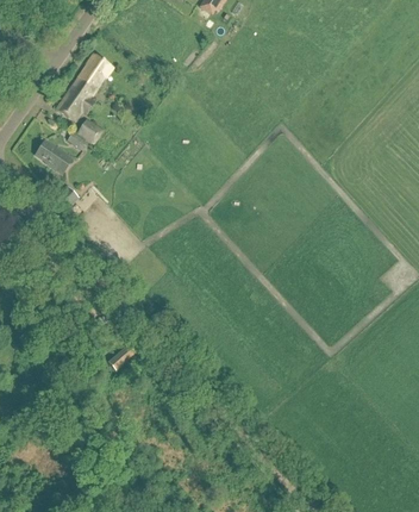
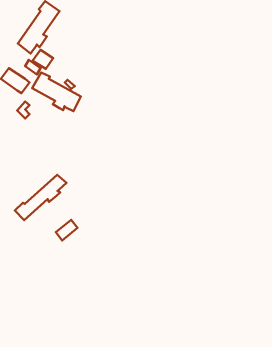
building: none -> [32,72,81,111]
building: none -> [15,175,67,220]

